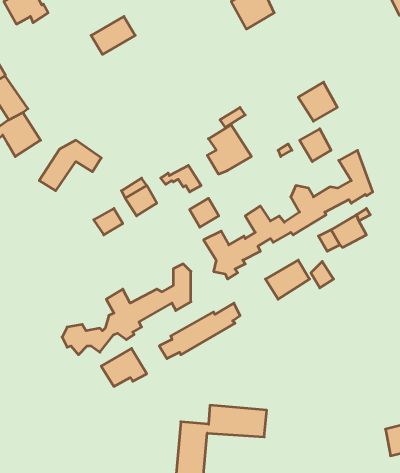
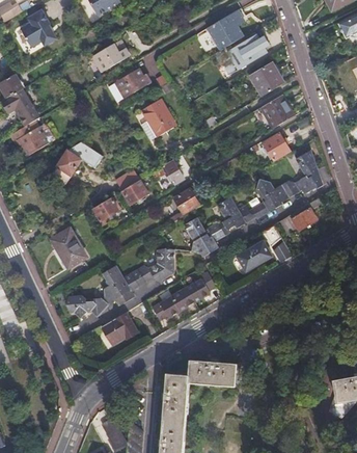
building: none -> [235,36,265,65]
building: none -> [249,63,282,97]
building: none -> [113,72,145,96]
building: [207,125,251,174] -> [139,100,175,140]
building: none -> [50,229,84,268]

